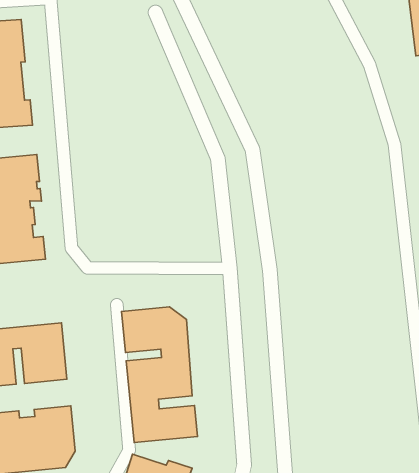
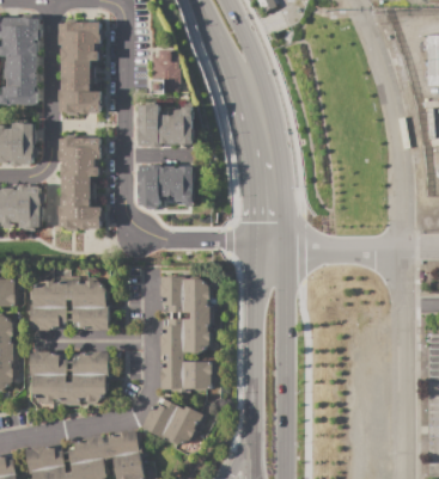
building: none -> [150,51,179,94]
building: none -> [136,105,194,147]
building: none -> [139,164,193,209]

